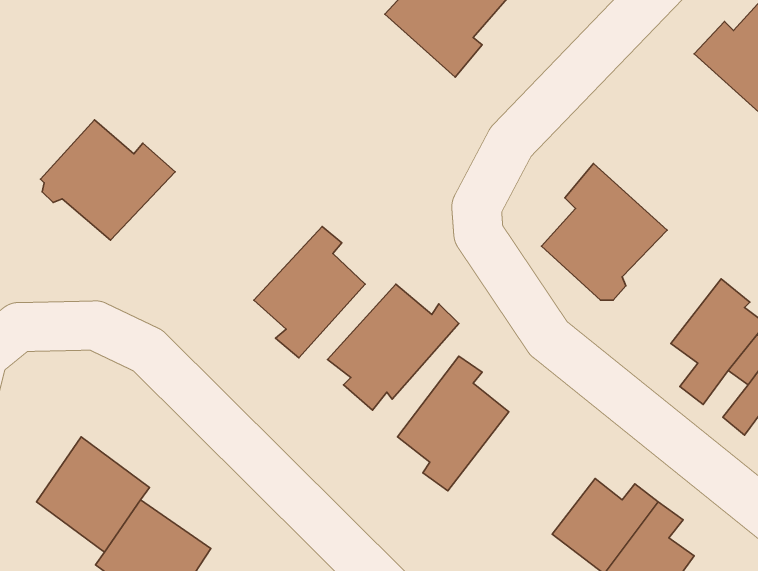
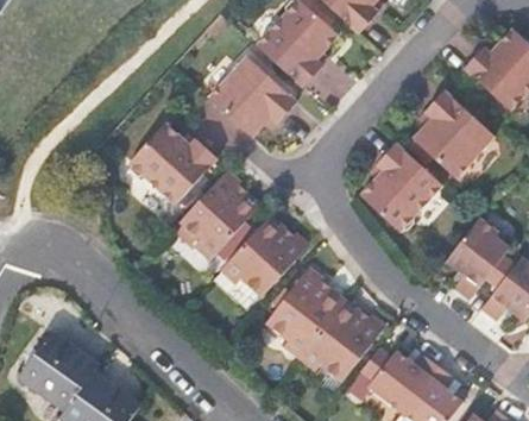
building: none -> [208,57,295,138]
building: none -> [410,90,492,180]
building: [41,120,175,240] -> [127,124,216,203]
building: none -> [297,308,380,383]

